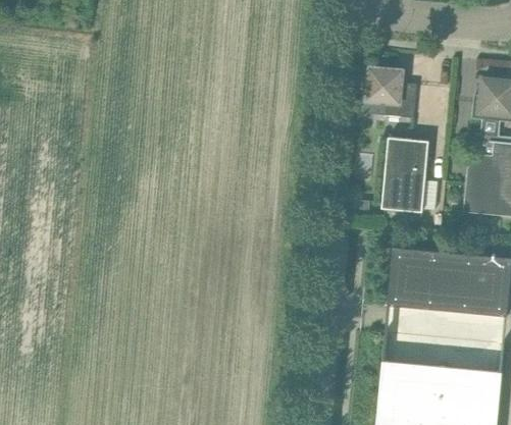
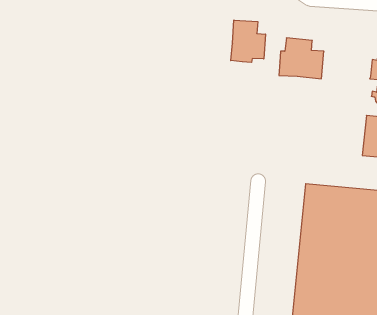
building: none -> [231,20,265,62]
building: [381,137,429,211] -> none

